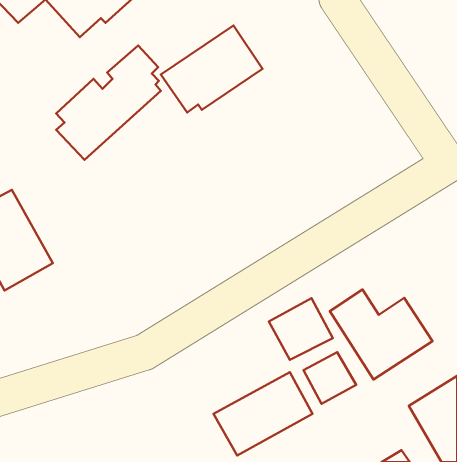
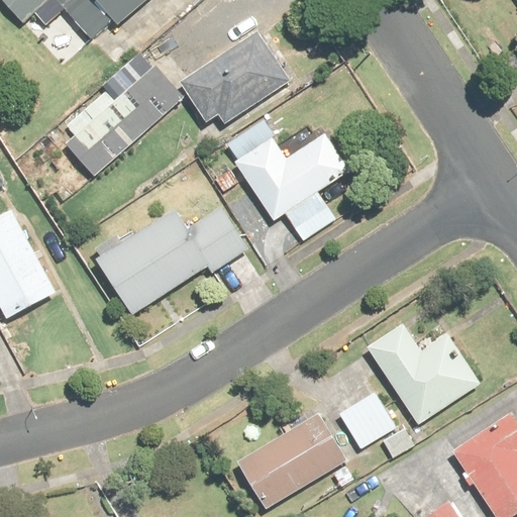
building: none -> [234,127,349,226]
building: none -> [94,204,250,312]
building: [269,298,333,360] -> none

